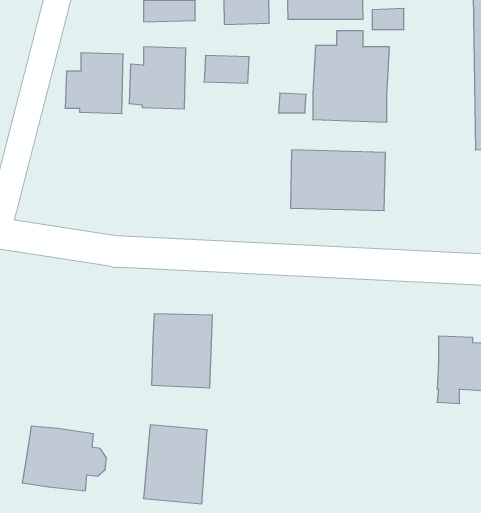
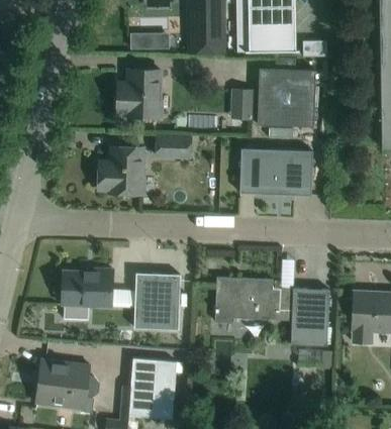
building: [65,53,123,114] -> [99,147,143,194]
building: [204,55,249,83] -> [157,136,191,157]
building: none -> [63,269,113,321]
building: none -> [215,277,329,346]

